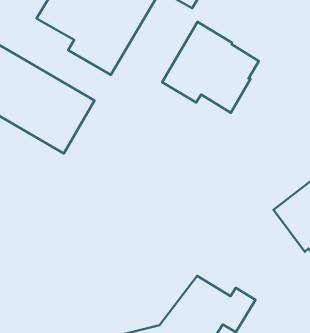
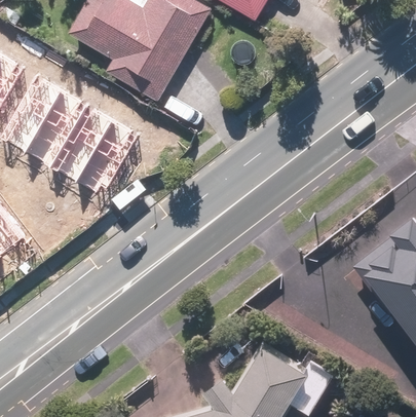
building: [162,22,259,113] -> none

